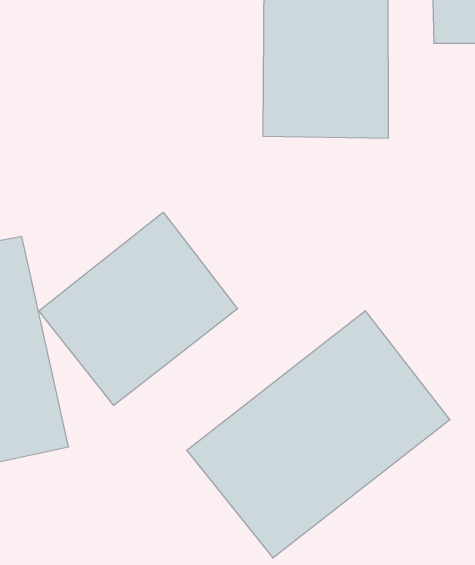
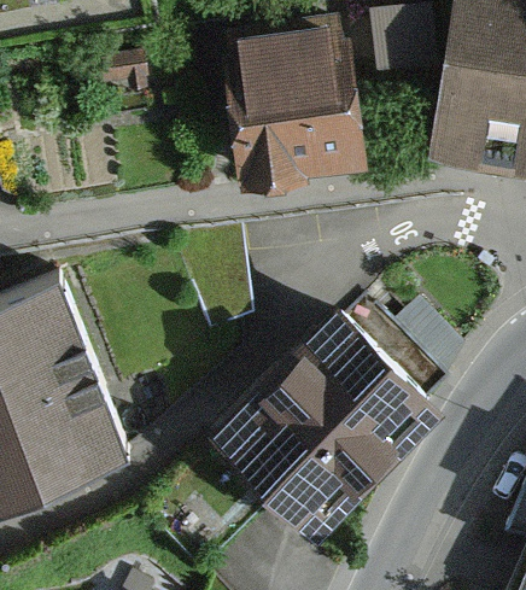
building: [39,212,238,405] -> none

